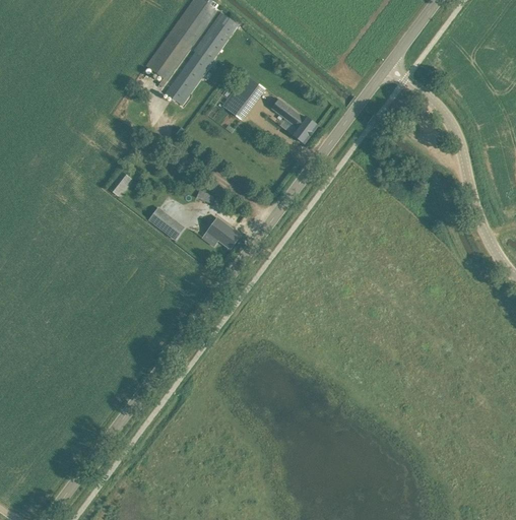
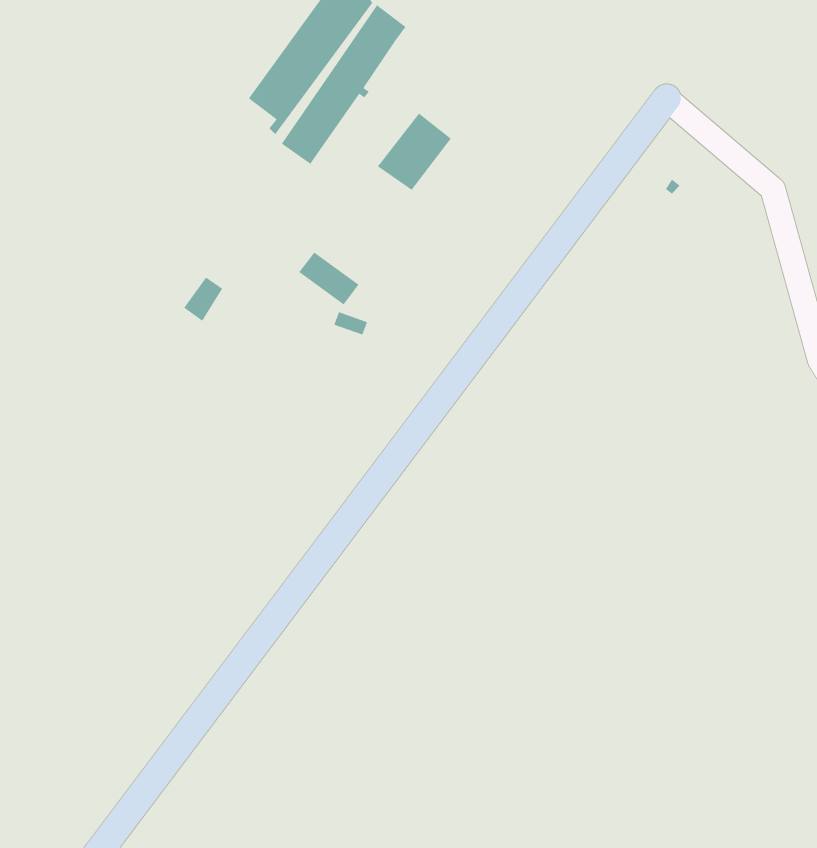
building: [270,99,317,143] -> none
building: [148,208,184,240] -> [298,251,359,305]
building: [202,217,240,248] -> none

